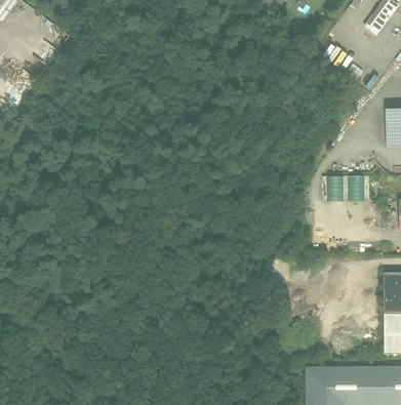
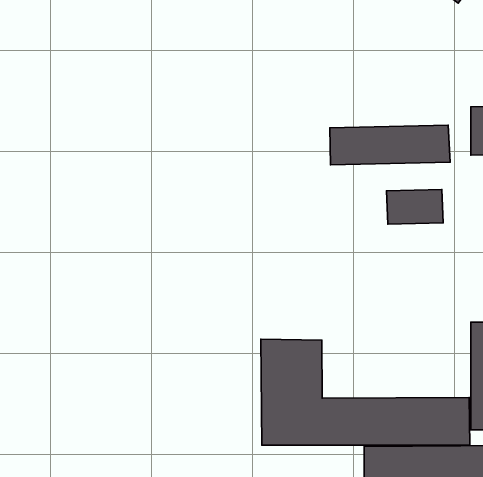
building: none -> [330,125,450,165]
building: none -> [261,339,470,445]

